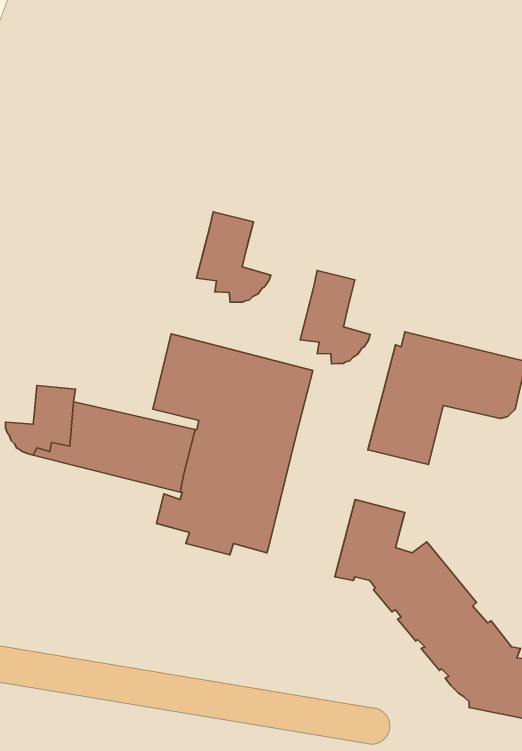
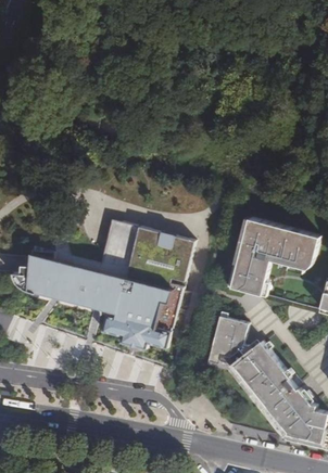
building: [196,212,271,302] -> none
building: [300,271,370,364] -> none

